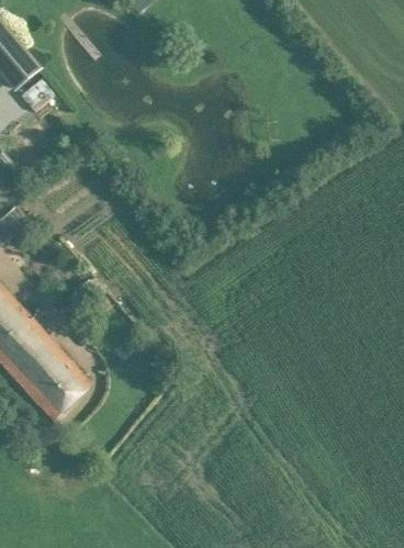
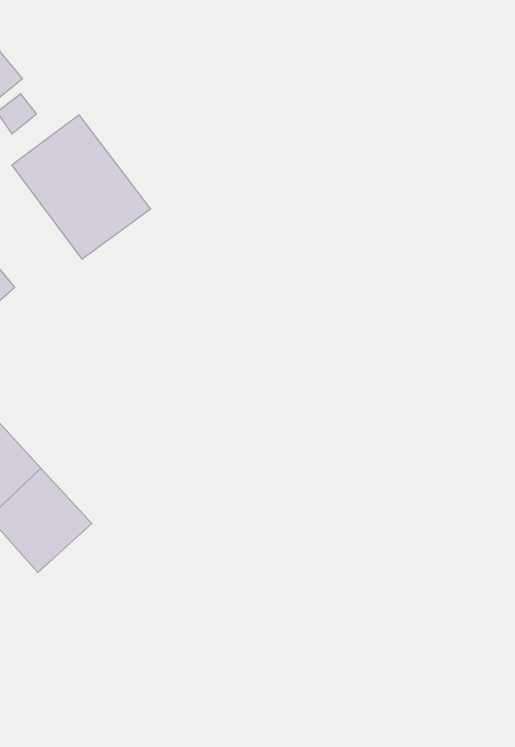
building: none -> [12,115,151,259]

